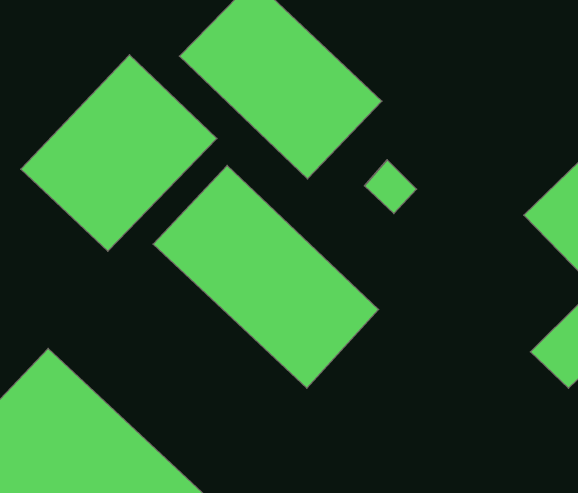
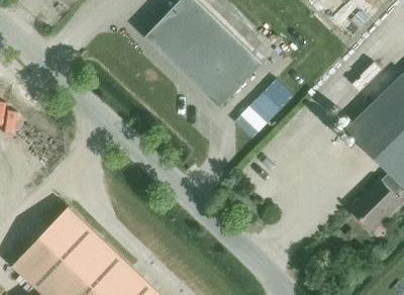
building: [21,55,217,251] -> none
building: [153,166,379,388] -> none

